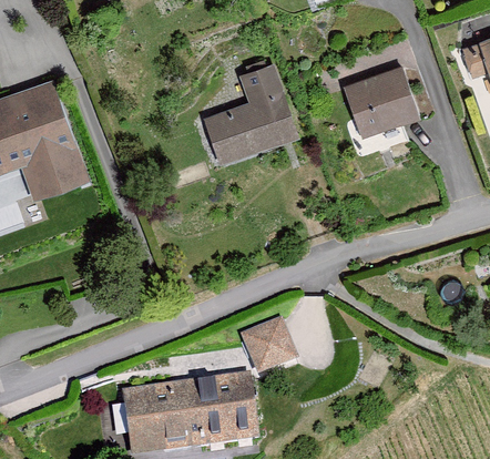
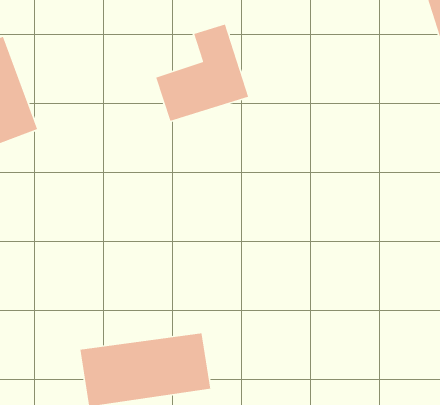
building: [344,71,414,136] -> none
building: [245,316,297,368] -> none

